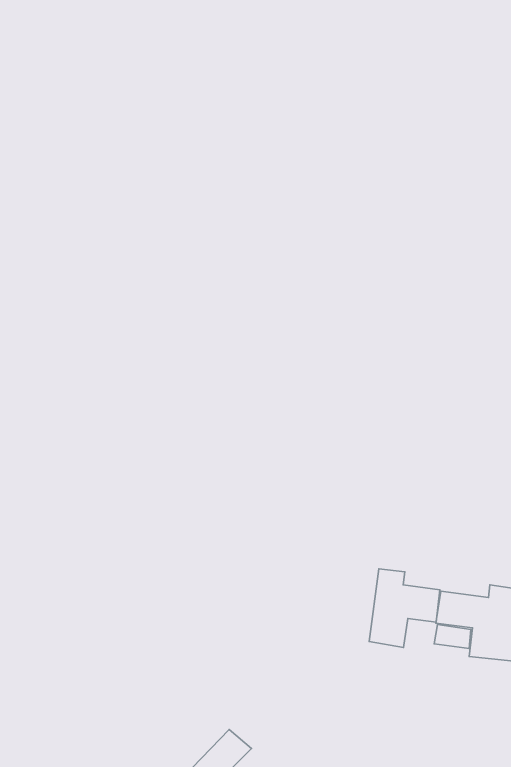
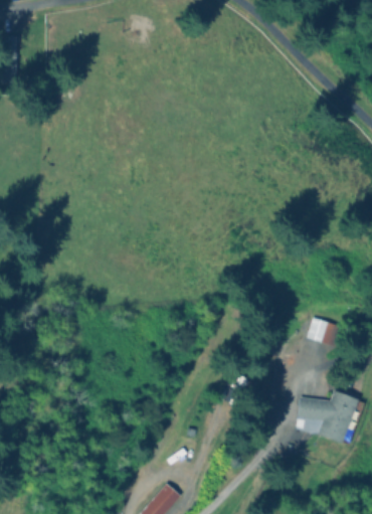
building: none -> [308,317,339,345]
building: [369,569,440,647] -> none

